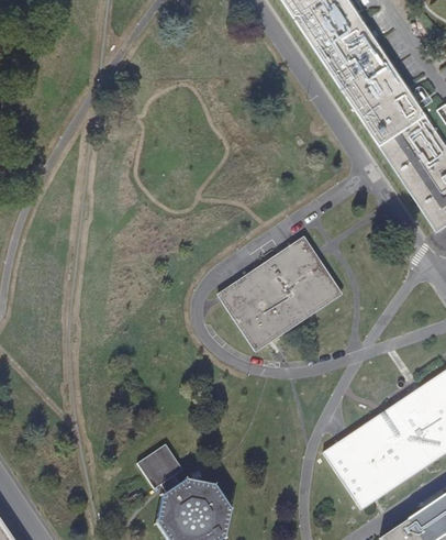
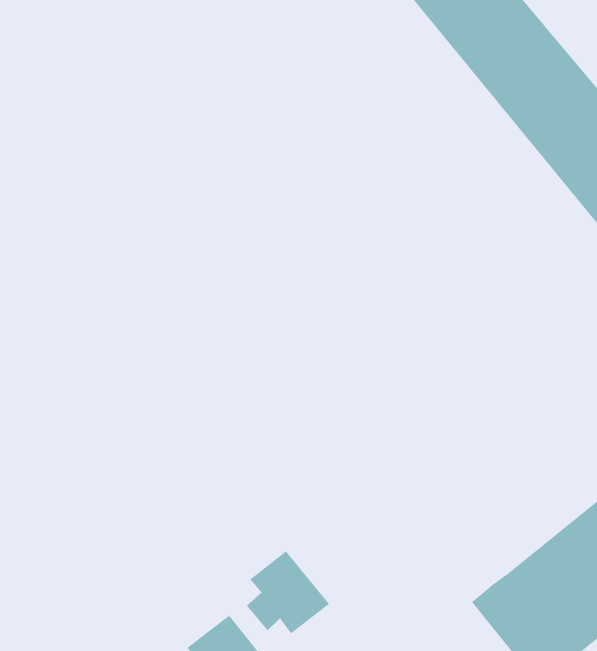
building: [218,239,342,353] -> none
building: none -> [246,550,330,634]

